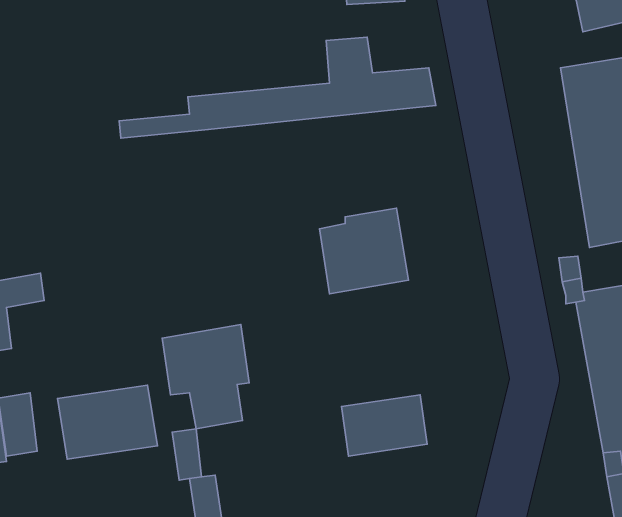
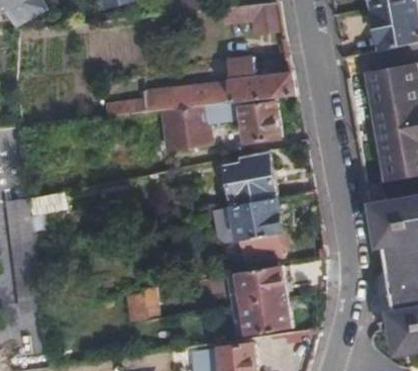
building: none -> [159,96,279,153]
building: [162,325,249,429] -> [230,197,282,259]
building: [57,385,157,459] -> none
building: none -> [241,294,293,333]

